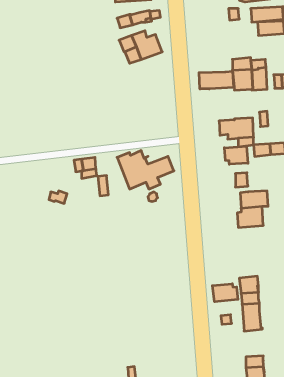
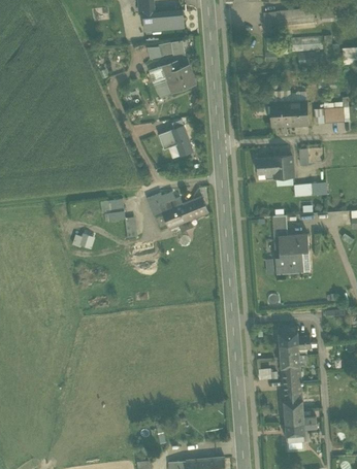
building: [199,71,233,89] -> none
building: none -> [158,126,193,156]
building: [224,146,248,164] -> none
building: [212,284,238,302] -> none
building: none -> [283,382,303,412]

